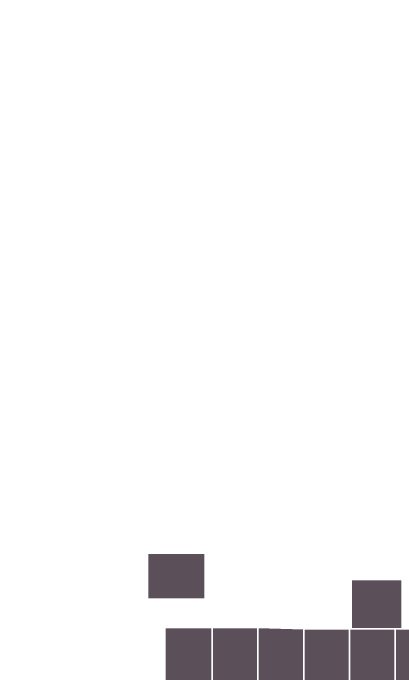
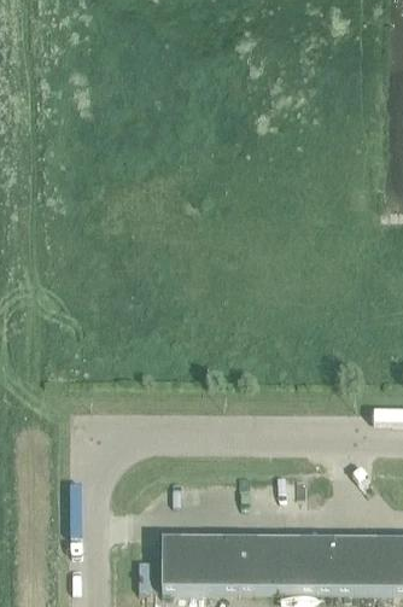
building: [148,553,205,599] -> none
building: [351,579,402,629] -> none

